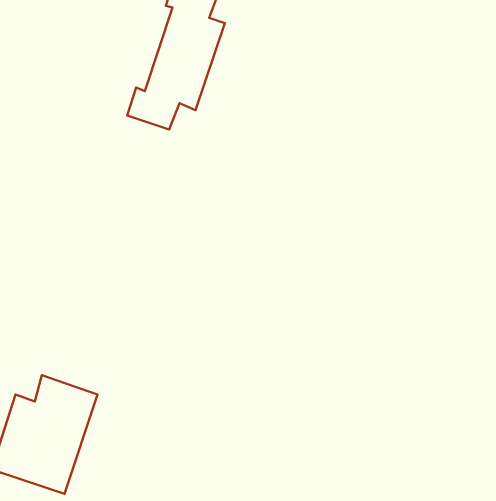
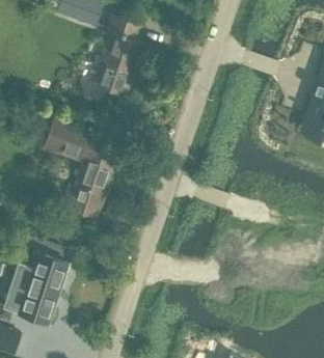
building: none -> [45,119,118,217]

